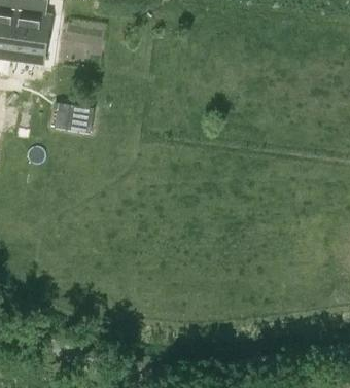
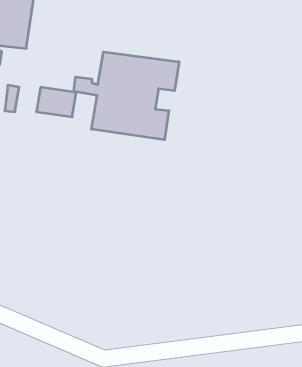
building: none -> [74,52,179,140]

